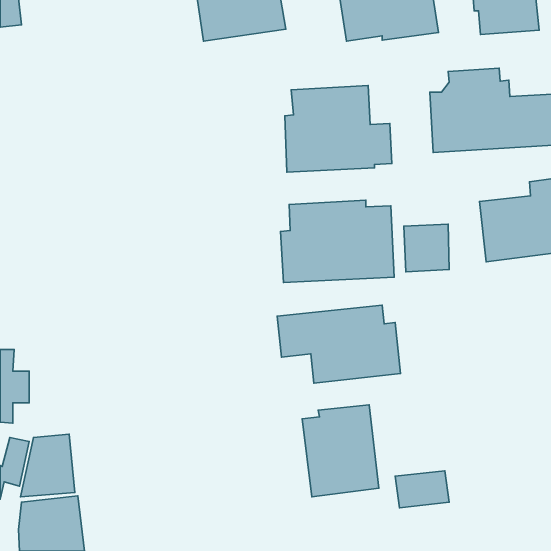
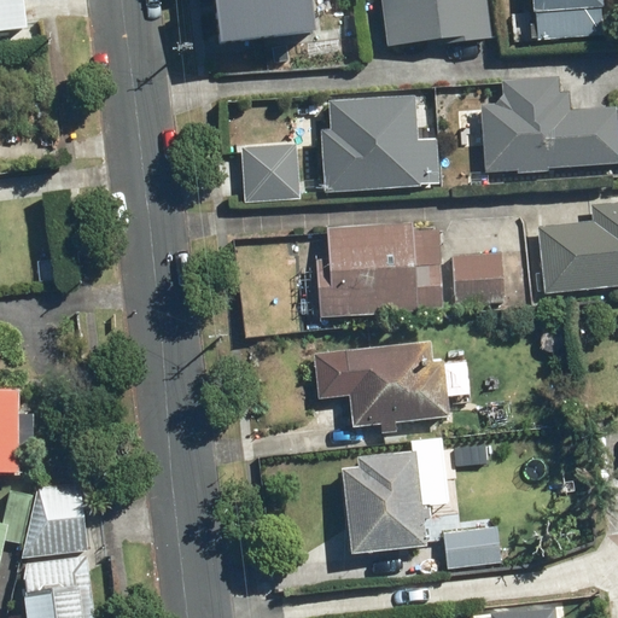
building: none -> [241,144,298,200]

